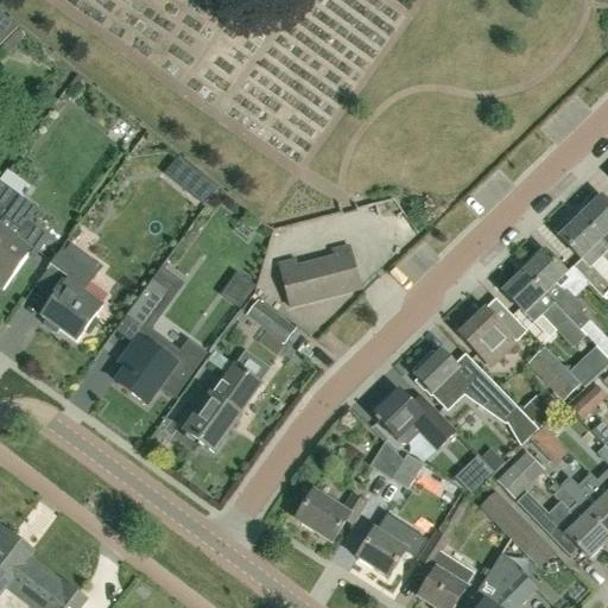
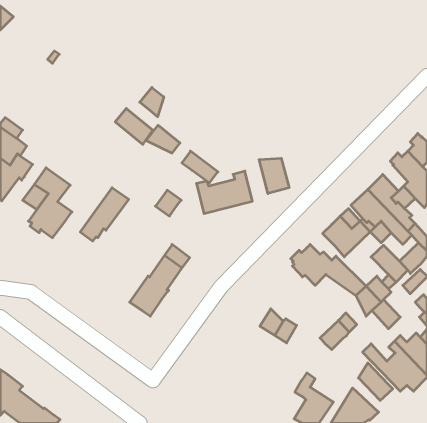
building: none -> [140,87,164,117]
building: none -> [146,125,180,153]
building: none -> [259,158,289,194]
building: [246,298,297,343] -> [182,151,218,183]
building: [116,325,209,403] -> none
building: [368,390,455,446] -> none
building: [496,451,546,501] -> none
building: [479,489,522,538] -> none
building: [296,490,363,540] -> none
building: [356,513,429,577] -> none

